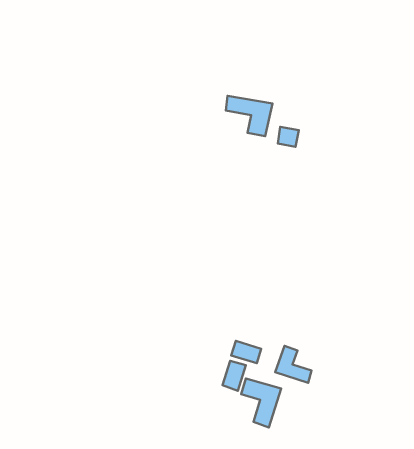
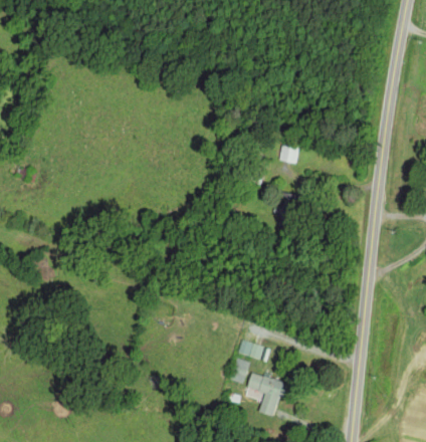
building: [226,96,272,136] -> none
building: [275,346,311,383] -> none

